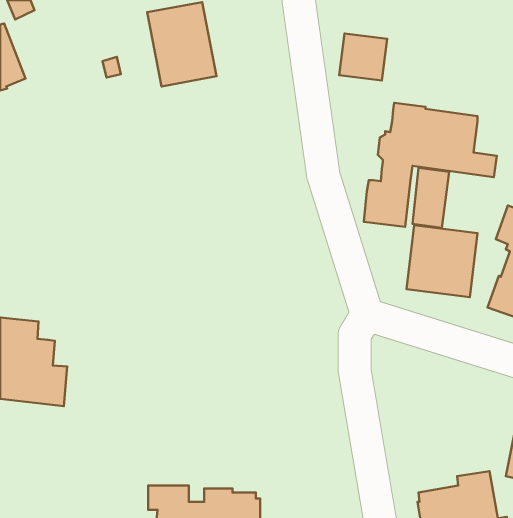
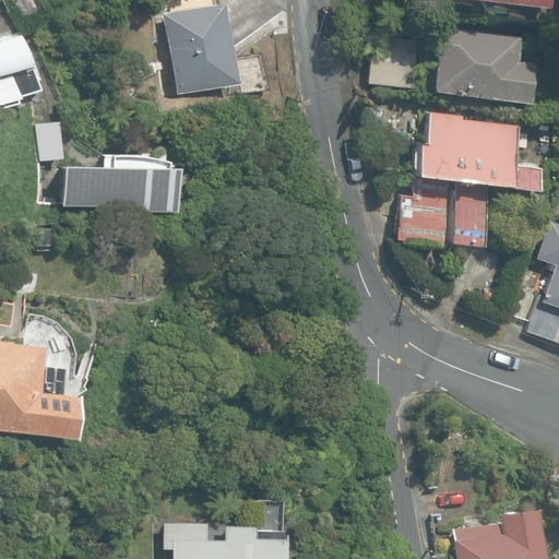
building: none -> [436,28,537,104]
building: none -> [63,152,178,212]
building: [406,225,478,297] -> none

